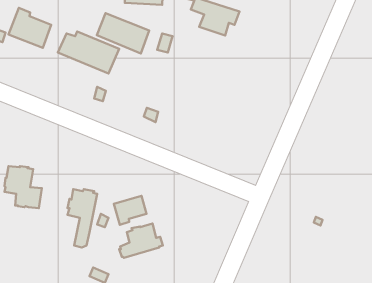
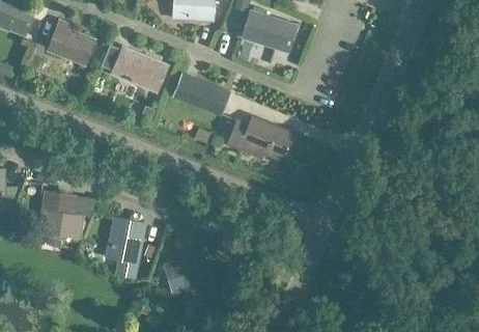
building: [97,13,149,53] -> [171,73,228,116]
building: none -> [227,115,294,163]
building: [114,196,147,225] -> none

